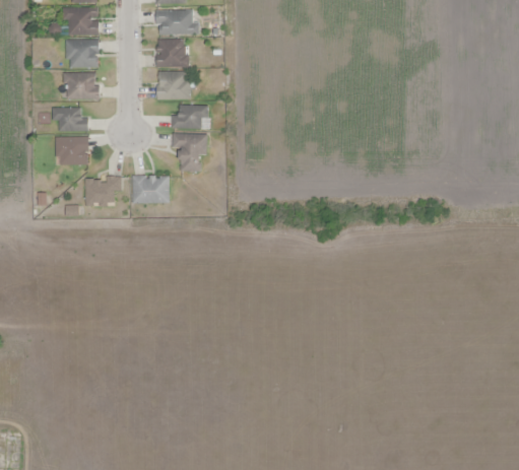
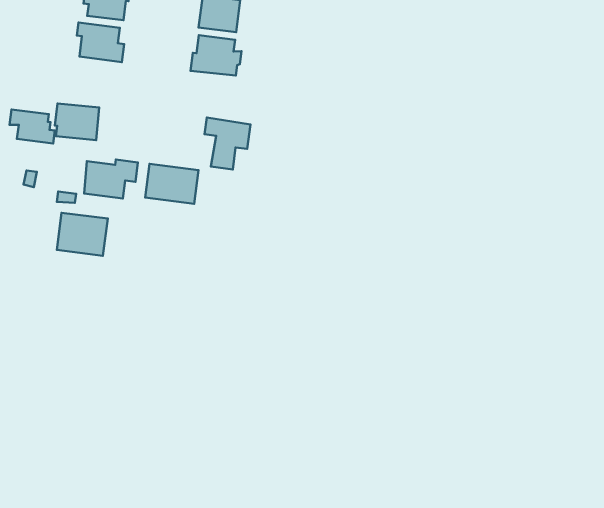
building: [170,105,208,127] -> none
building: [52,108,87,130] -> [10,109,55,144]
building: none -> [57,213,108,256]

